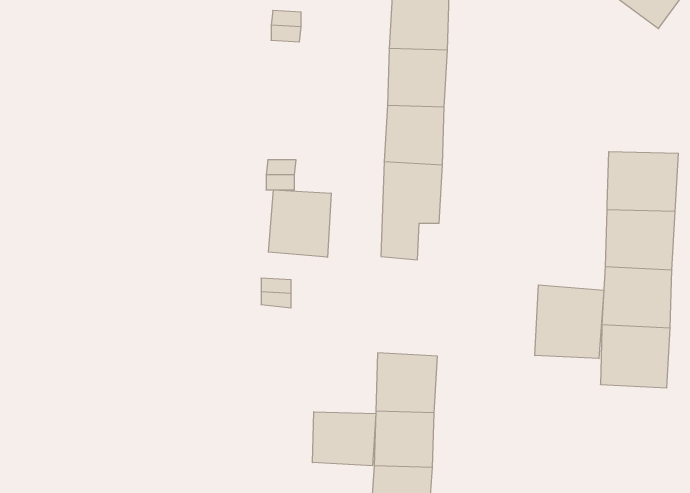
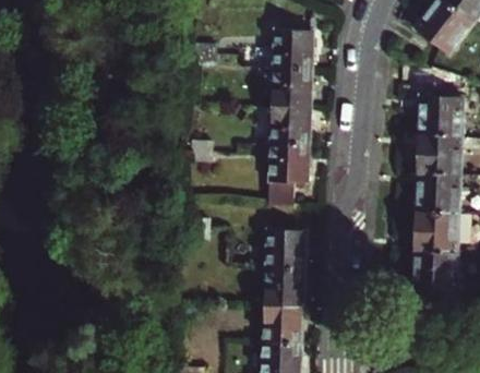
building: none -> [417,96,464,137]
building: [268,190,331,257] -> none
building: [535,285,604,359] -> none
building: none -> [265,230,305,270]
building: [312,412,376,466] -> none

